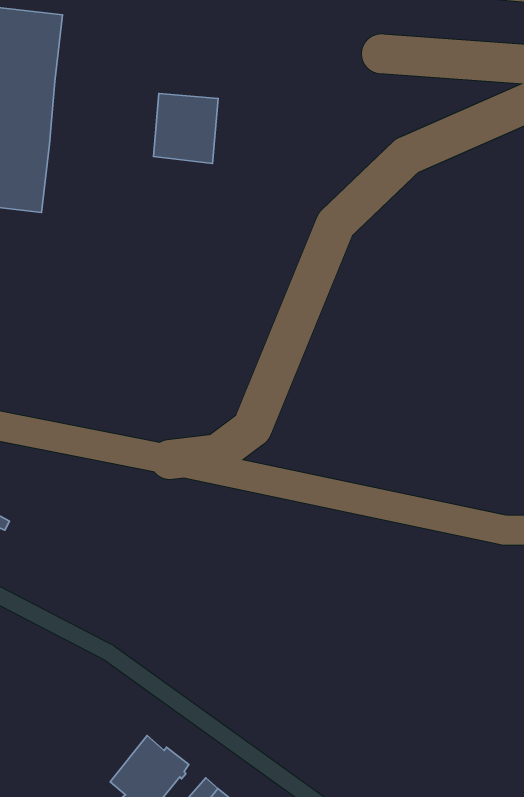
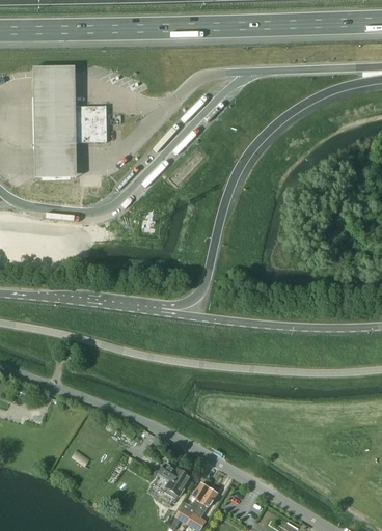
building: [153,94,218,163] -> [73,105,107,141]

